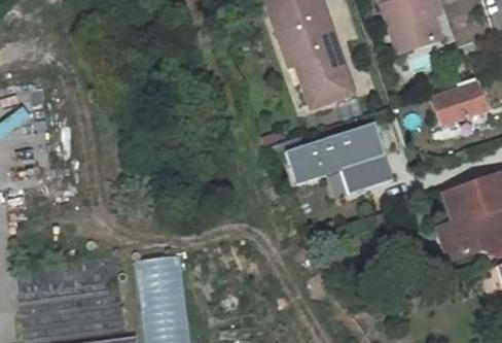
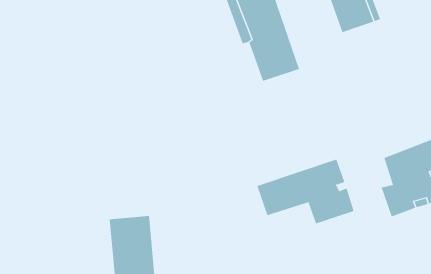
building: [430,77,483,126] -> none
building: [289,121,397,193] -> [257,159,354,224]

